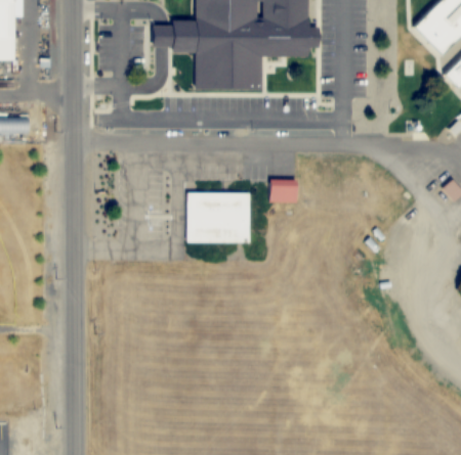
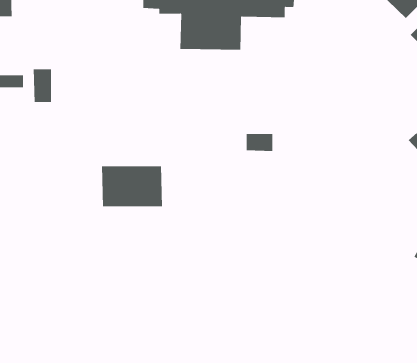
building: none -> [33,69,51,103]
building: [184,192,251,236] -> [101,166,163,207]

